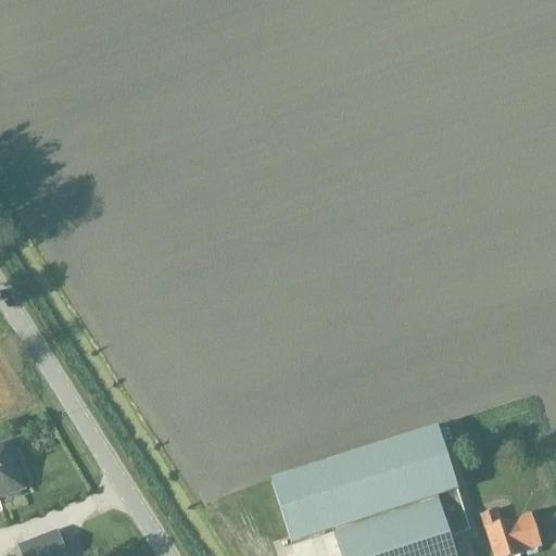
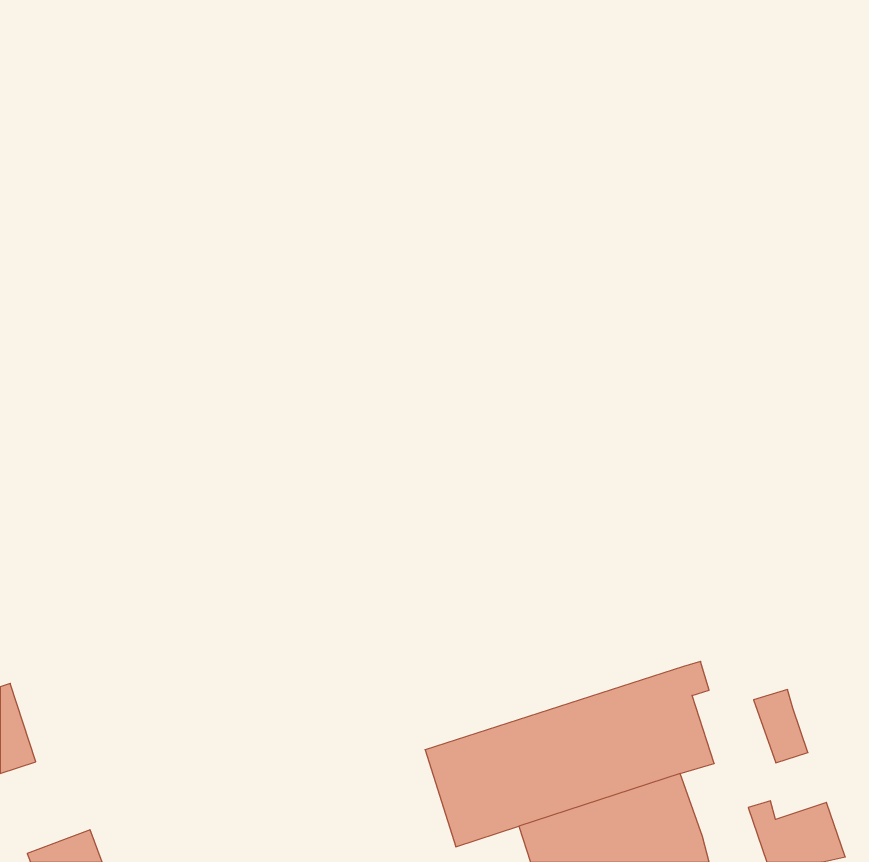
building: [434,488,469,534] -> [754,690,808,763]

